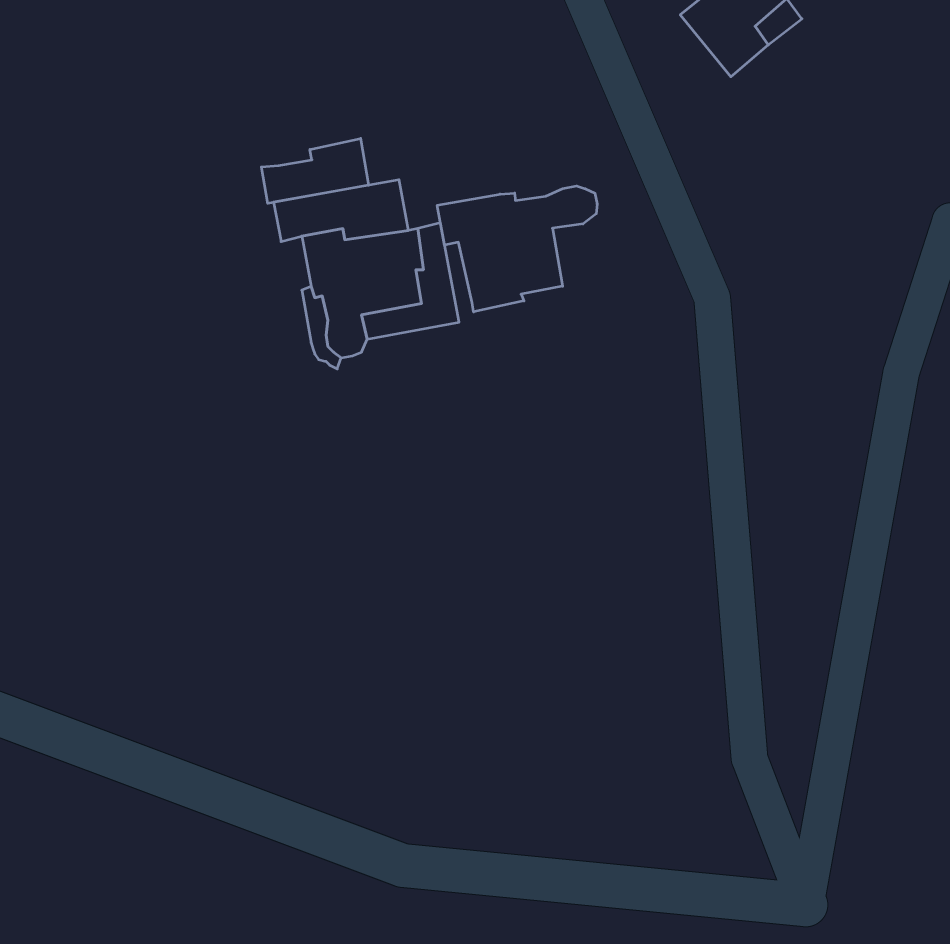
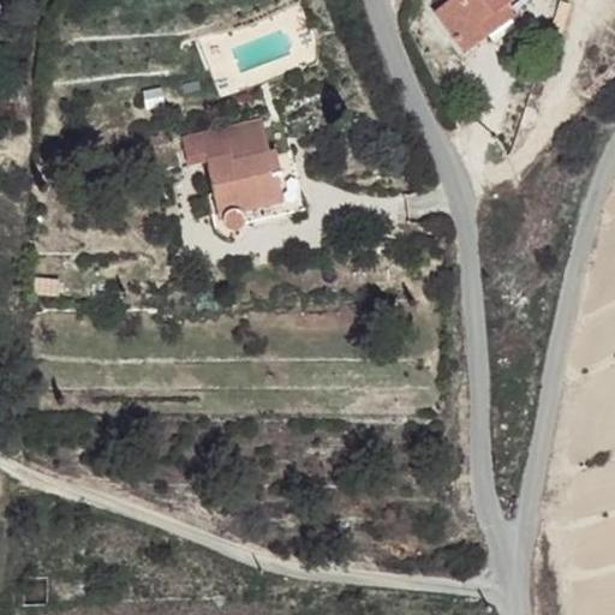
building: [261,138,369,203] -> none
building: [437,186,597,312] -> none

